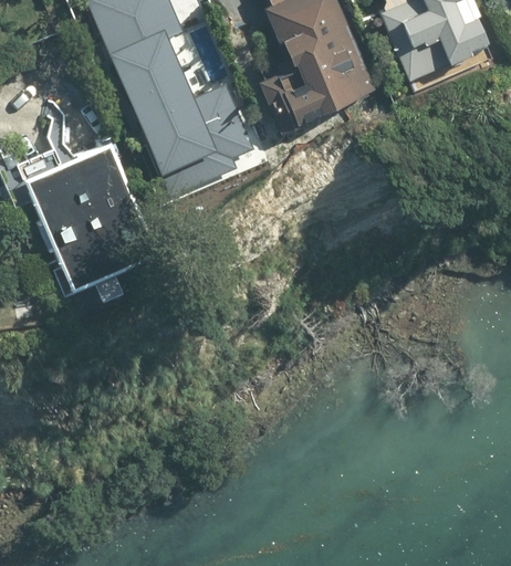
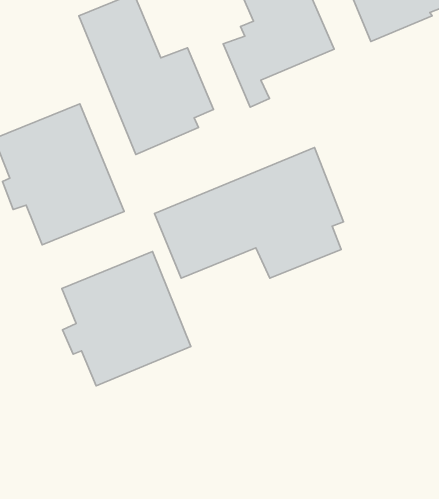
building: none -> [154,147,344,278]
building: none -> [62,252,191,386]

